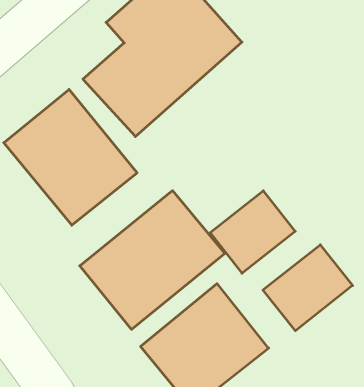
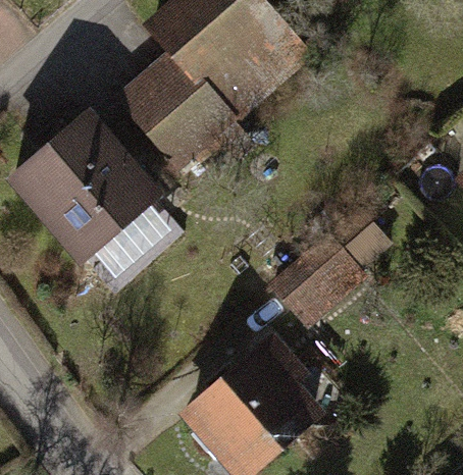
building: [80,191,225,329] -> none
building: [263,245,353,331] -> none

